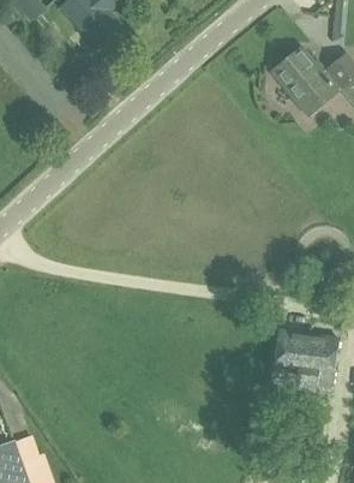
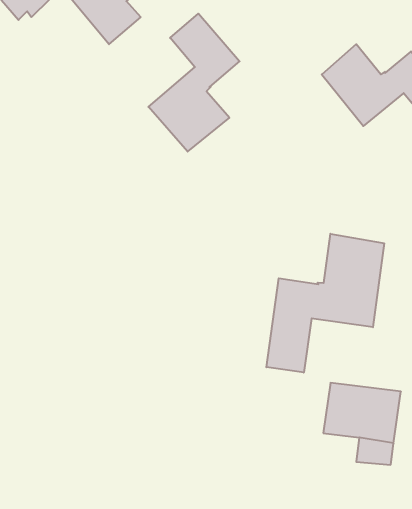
building: none -> [148,14,240,152]
building: none -> [266,234,384,373]

